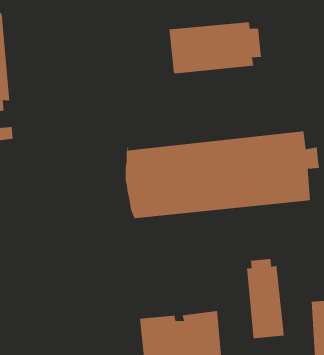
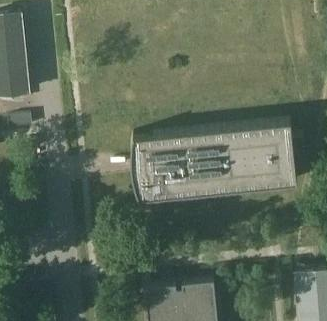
building: [169,22,262,74] -> none
building: [247,258,284,339] -> none

